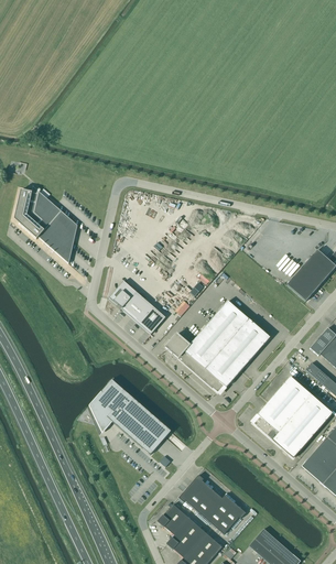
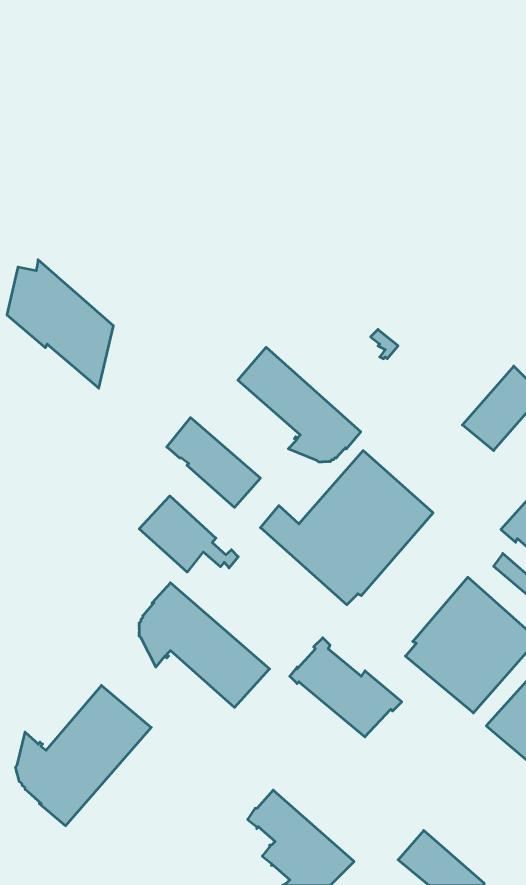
building: none -> [238,347,361,462]
building: none -> [139,496,238,572]
building: none -> [16,685,151,826]
building: [178,474,246,533] -> [290,638,402,737]

